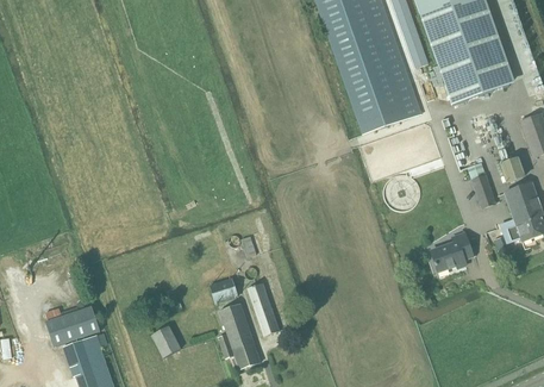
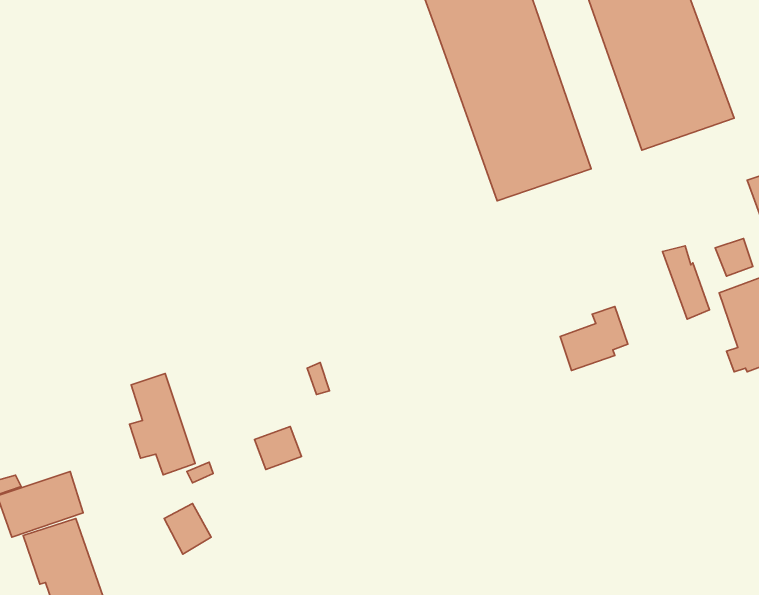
building: [430,230,473,270] -> [560,307,628,370]
building: [246,281,279,335] -> none
building: [218,304,260,368] -> [129,373,195,475]

